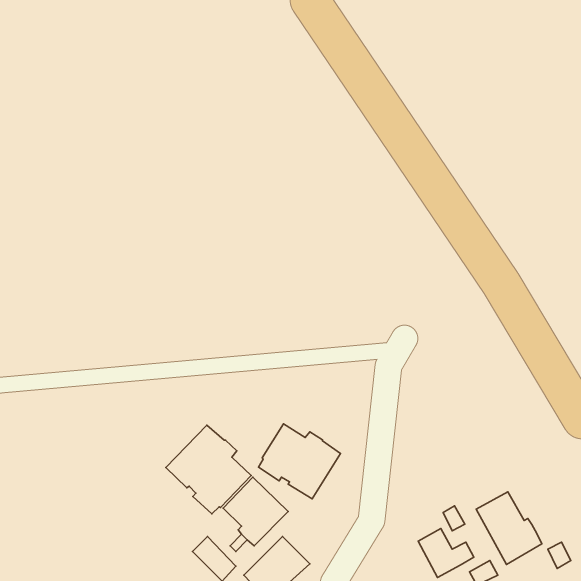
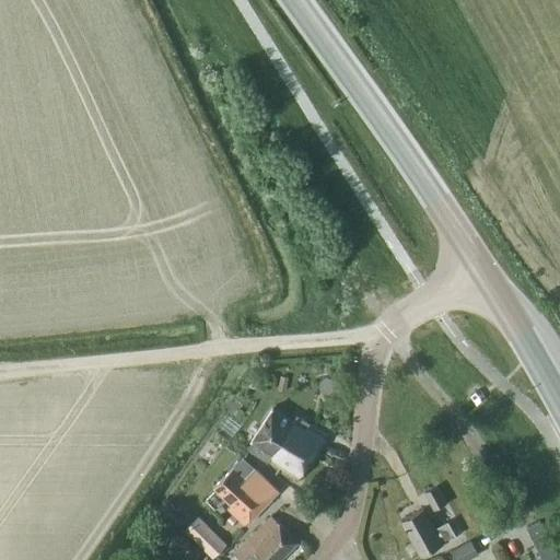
building: [166,425,251,514] -> none
building: [476,492,542,564] -> none

